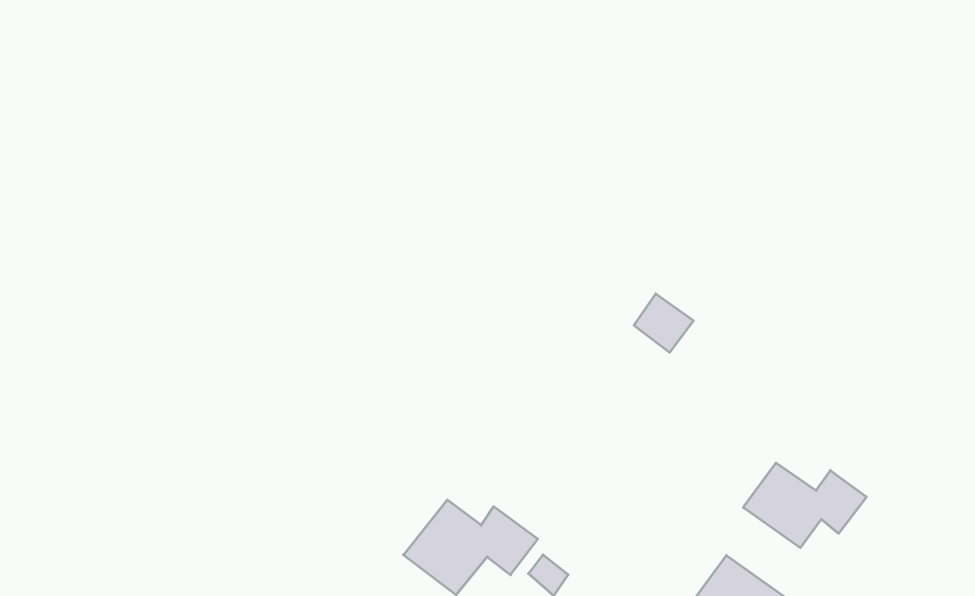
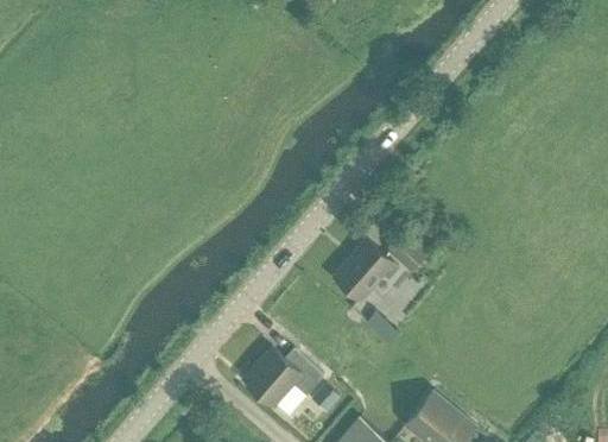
building: none -> [334,244,399,303]
building: [743,463,866,548] -> none

